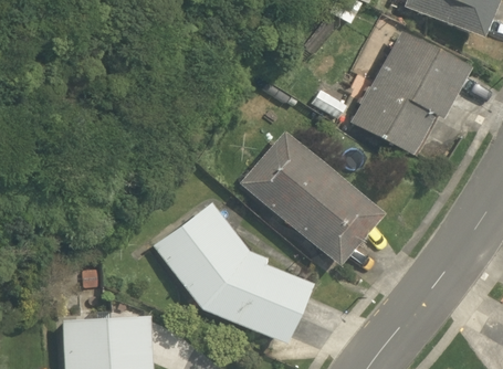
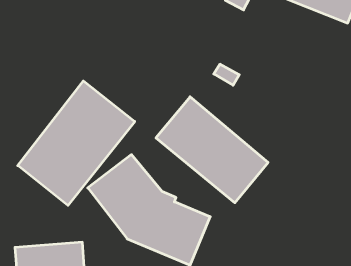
building: [354,30,470,154] -> none
building: none -> [18,81,135,205]

